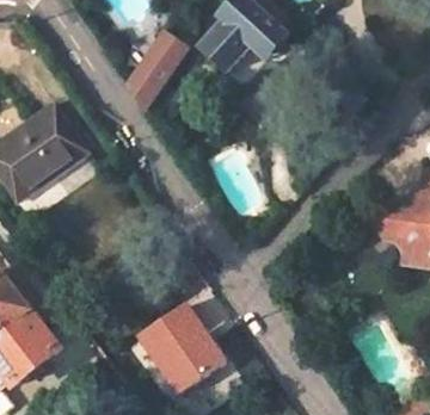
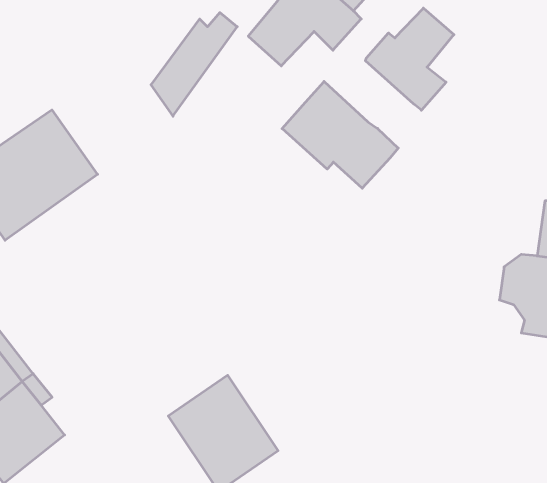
building: none -> [365,8,454,110]
building: none -> [282,81,398,188]

